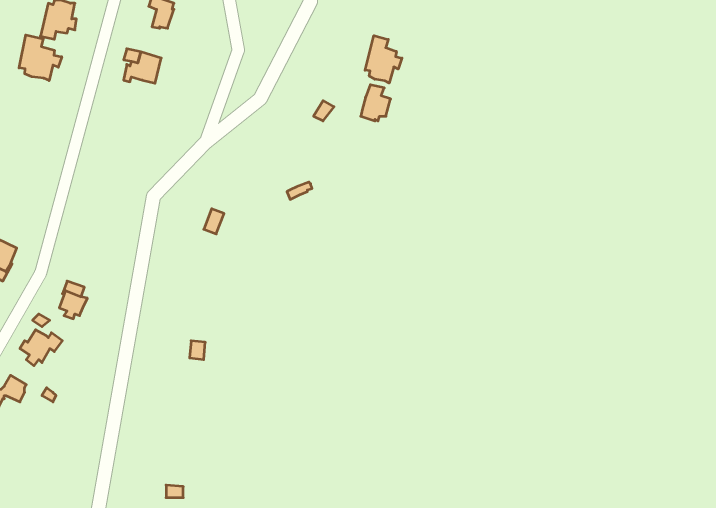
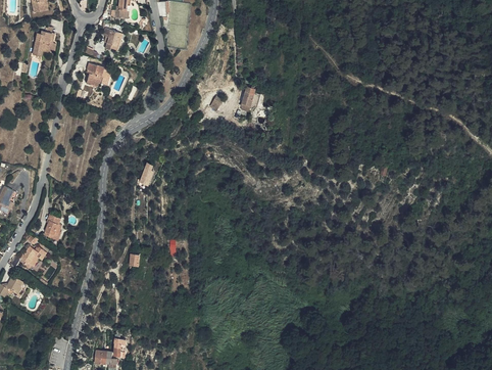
building: [19,35,62,81] -> none
building: [365,36,402,83] -> none

